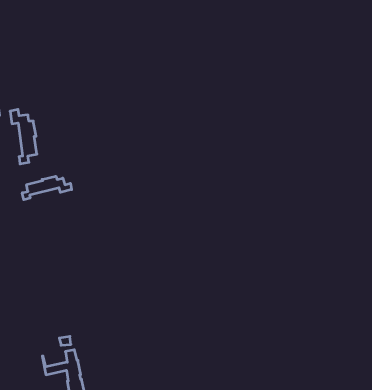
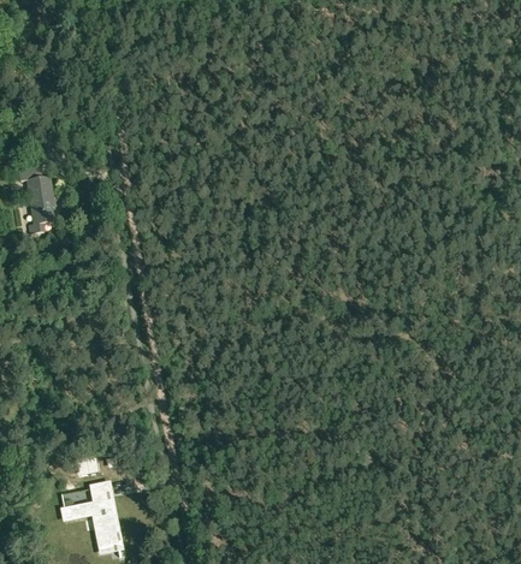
building: [22,176,72,200] -> none

